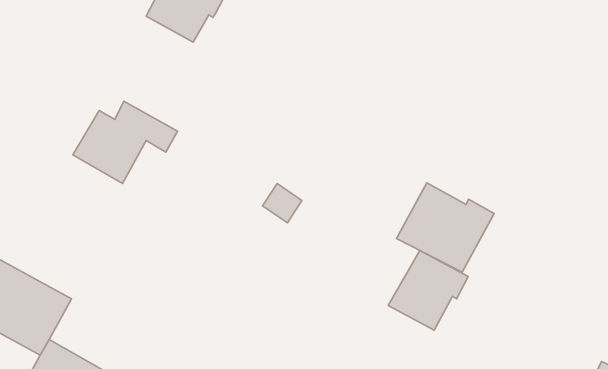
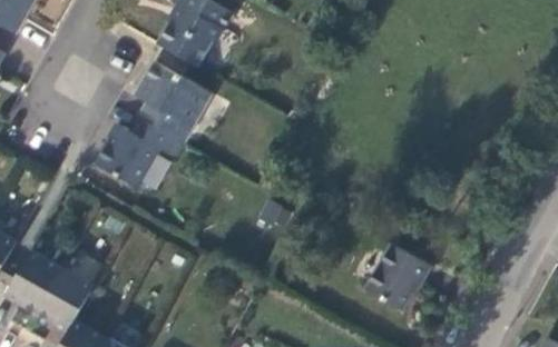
building: none -> [134,61,212,142]
building: [397,183,494,272] -> none

